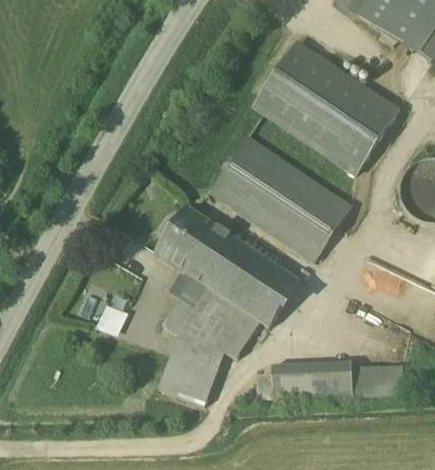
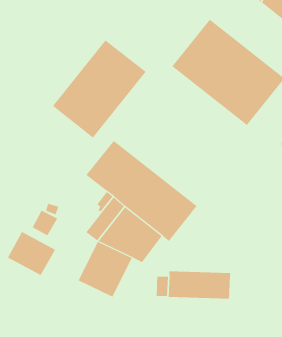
building: none -> [52,39,146,139]
building: [211,136,350,260] -> none
building: none -> [7,231,56,276]
building: [350,362,402,394] -> none

